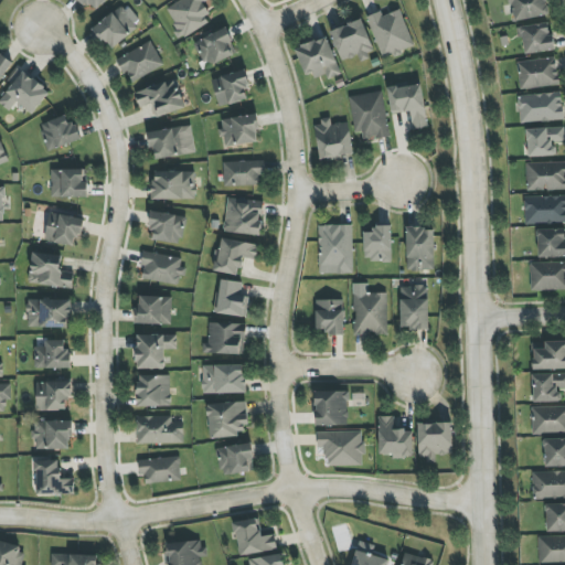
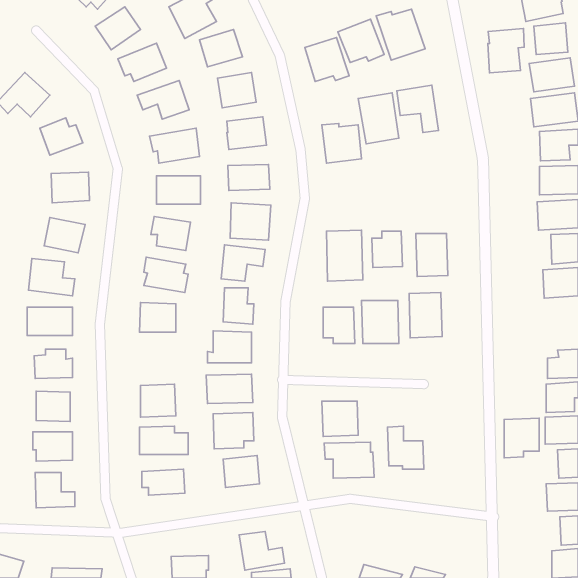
building: none -> [488,29,524,73]
building: [136,334,177,369] -> none
building: [417,422,451,460] -> [504,418,539,458]

